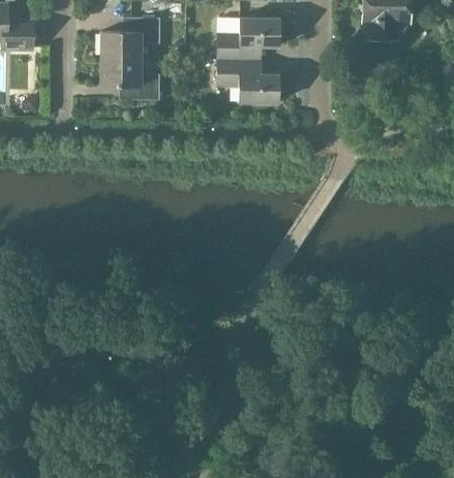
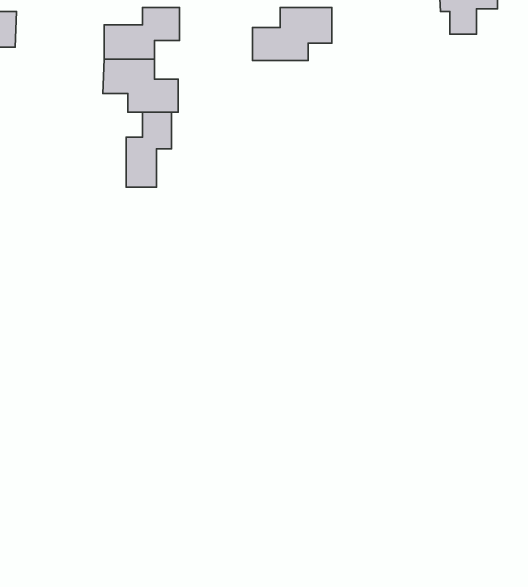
building: [217,59,278,101] -> none
building: none -> [126,112,171,187]

